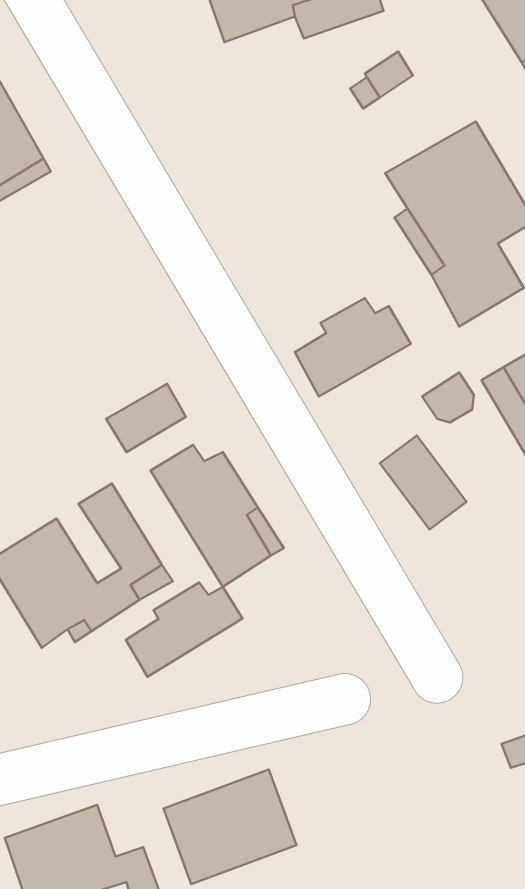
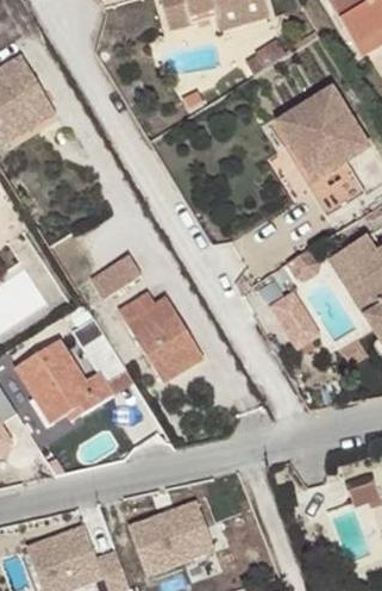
building: [295,298,411,397] -> none
building: [126,583,243,677] -> none

